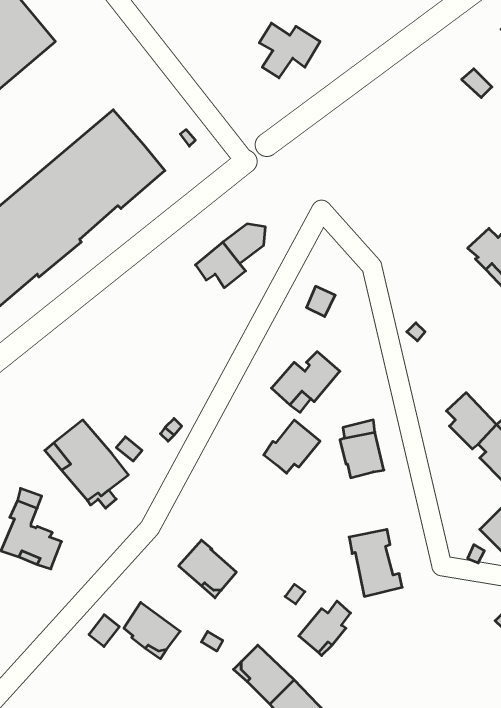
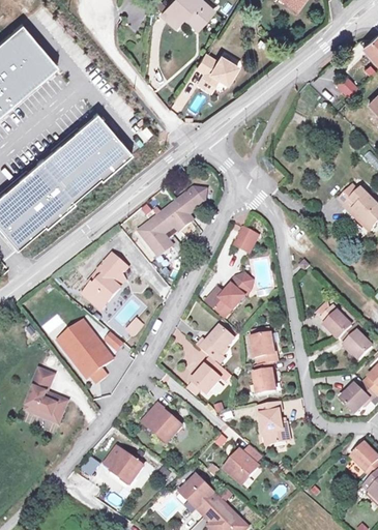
building: none -> [133,216,166,257]
building: none -> [82,251,129,308]
building: none -> [193,353,224,393]
building: none -> [255,357,280,391]

